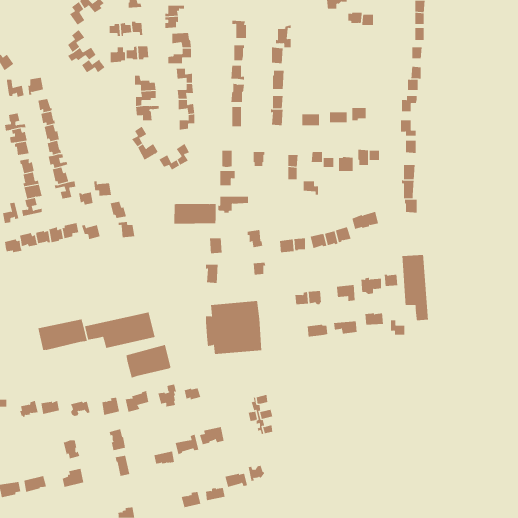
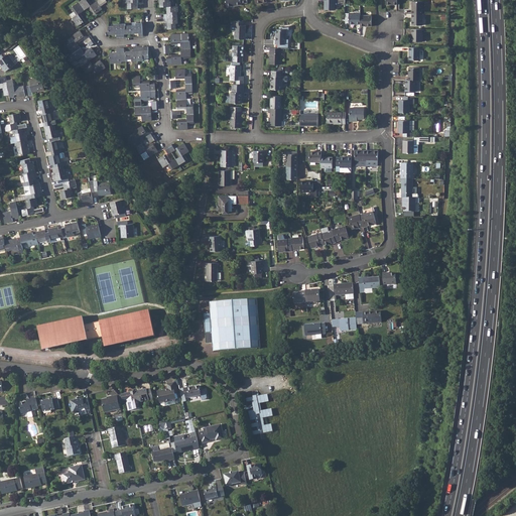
building: [174,203,216,224] -> none
building: [402,254,429,321] -> none
building: [126,344,171,379] -> none

